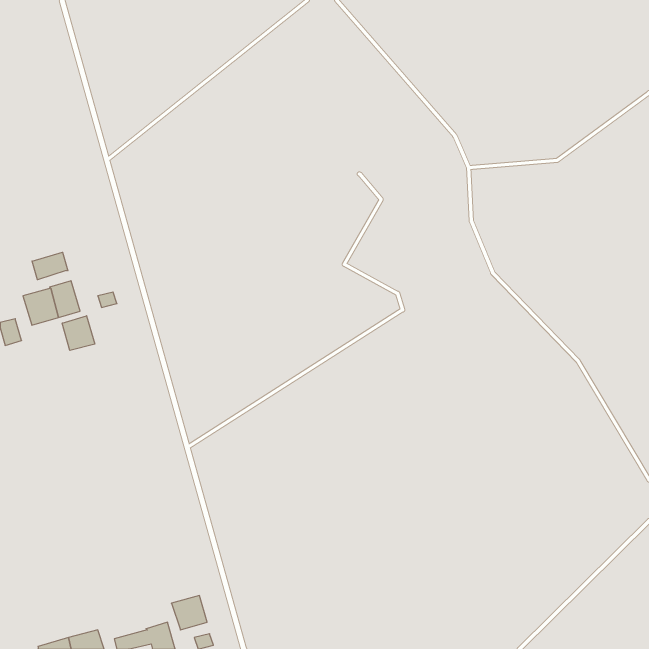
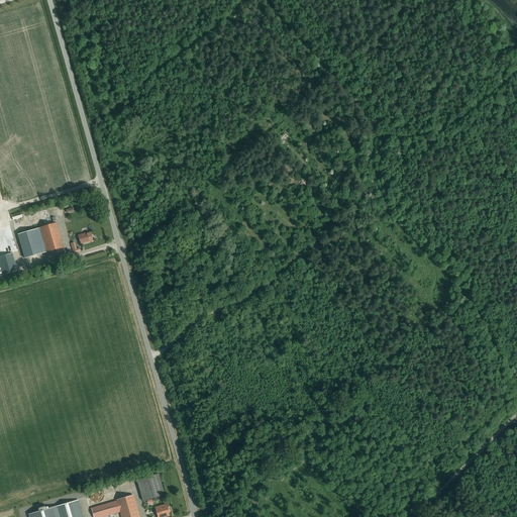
building: [32,252,68,280] -> none
building: [62,316,95,350] -> none

